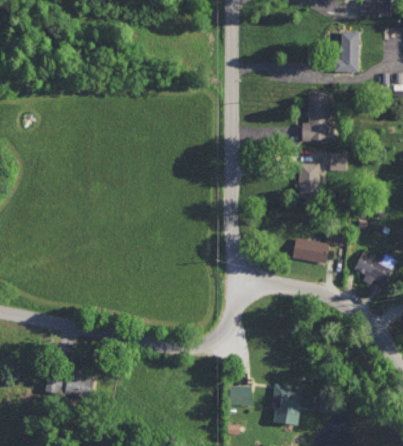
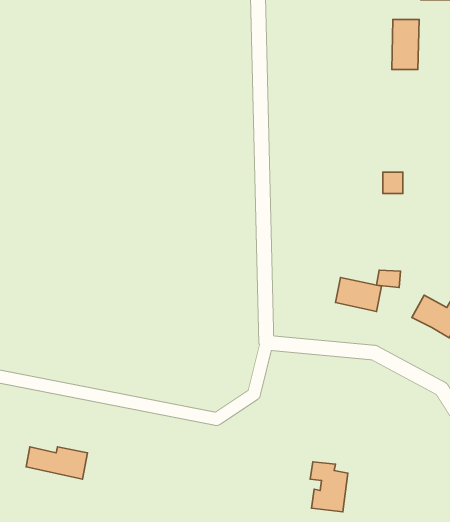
building: [302,93,329,141] -> none
building: [299,164,319,199] -> none
building: [230,386,252,406] -> none

